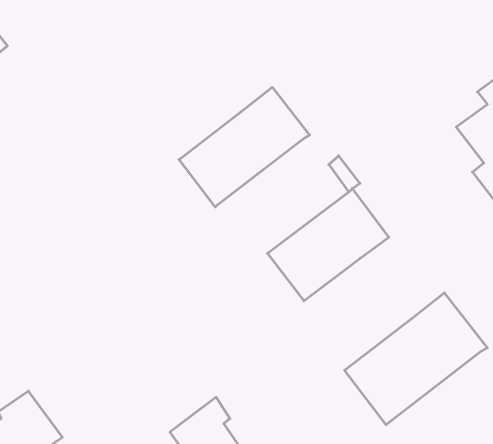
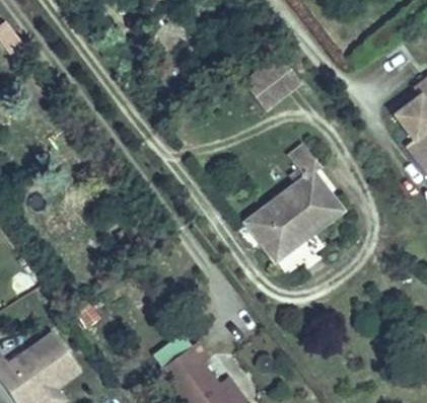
building: [179,87,310,207] -> none
building: [345,293,487,425] -> none

